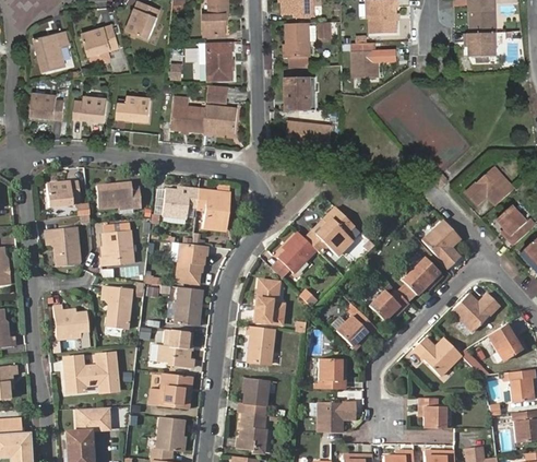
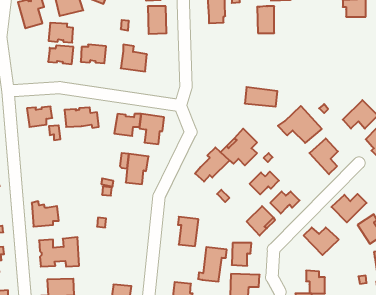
building: [288,79,317,111] -> none
building: [202,87,237,135] -> none
building: [31,95,63,121] -> [49,23,73,43]
building: [287,122,331,149] -> [245,87,277,107]
building: none -> [278,106,322,143]
building: [44,224,79,264] -> none
building: [99,229,133,266] -> none
building: [403,265,442,296] -> [250,172,279,194]
building: [254,280,285,324] -> none
building: [99,285,130,329] -> none
building: [175,286,203,324] -> none
building: [158,328,193,367] -> none
building: [237,369,275,415] -> [198,247,227,281]
building: [151,372,191,407] -> none

